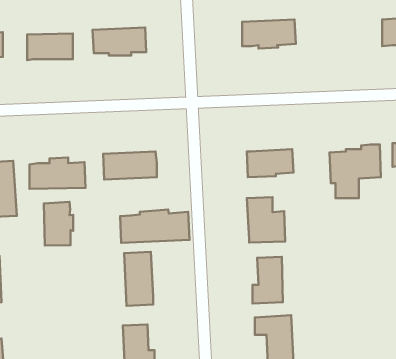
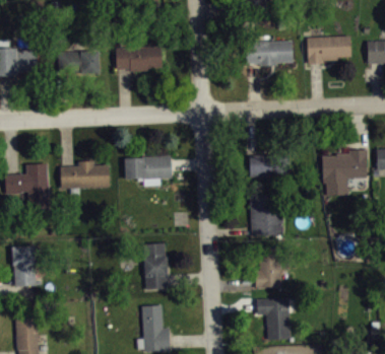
building: none -> [308,36,351,64]
building: [44,202,73,246] -> none
building: [120,210,189,243] -> none

